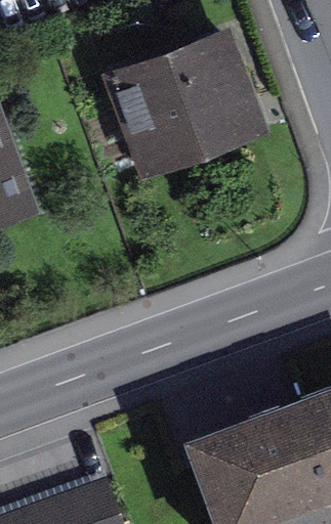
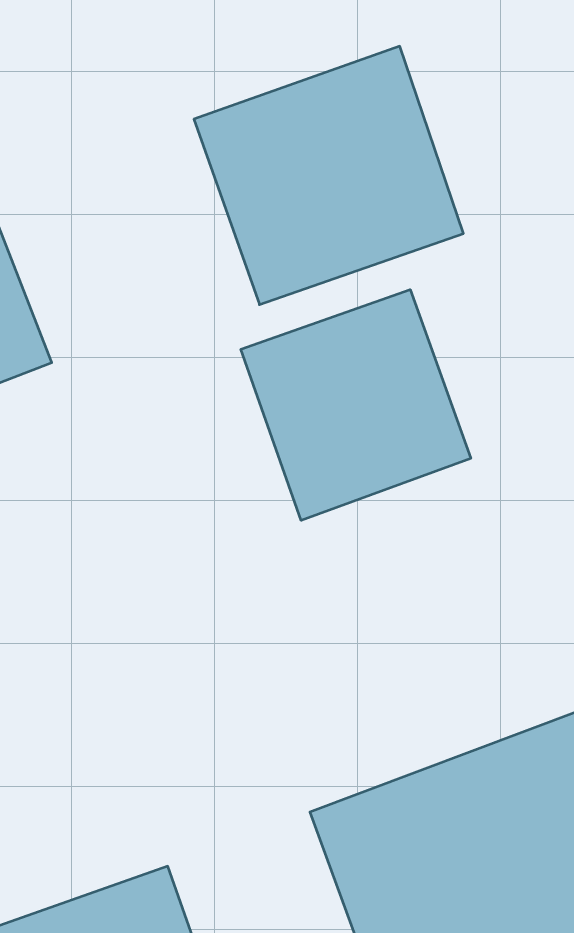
building: none -> [241,290,471,520]

